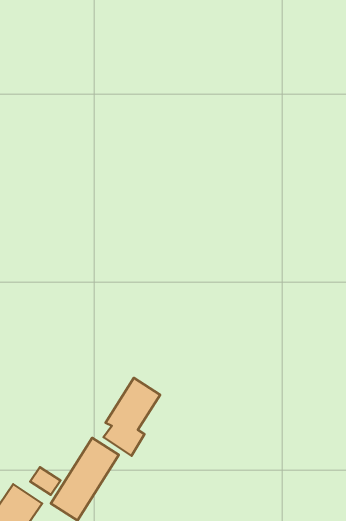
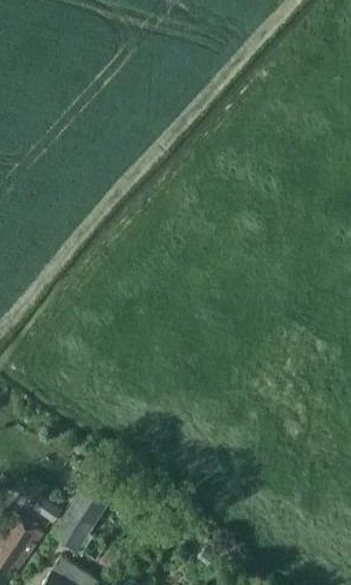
building: [103,378,160,456] -> none

